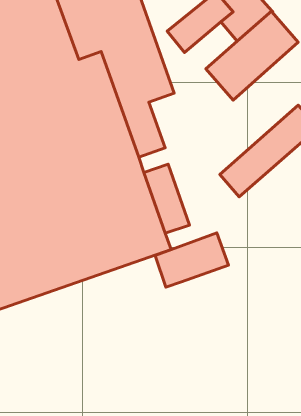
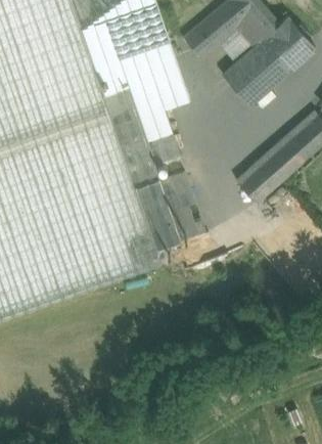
building: [155,233,228,287] -> none

